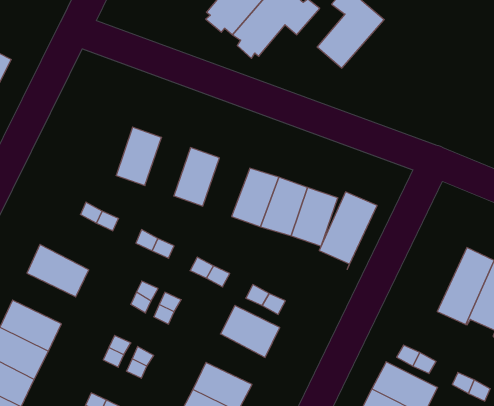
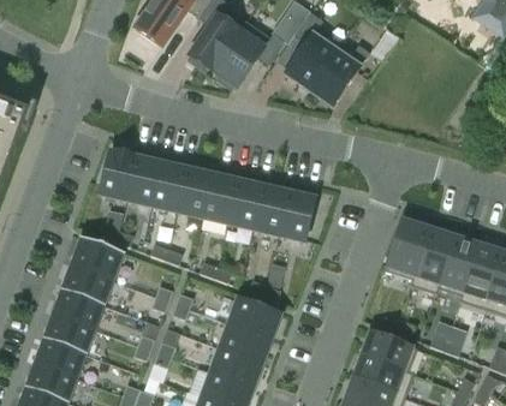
building: none -> [308,43,369,105]
building: none -> [101,150,137,198]
building: none -> [153,162,187,210]
building: none -> [203,174,239,222]
building: [319,192,377,269] -> [385,219,429,283]
building: none -> [70,235,124,280]
building: none -> [52,288,105,328]
building: none -> [220,322,269,362]

